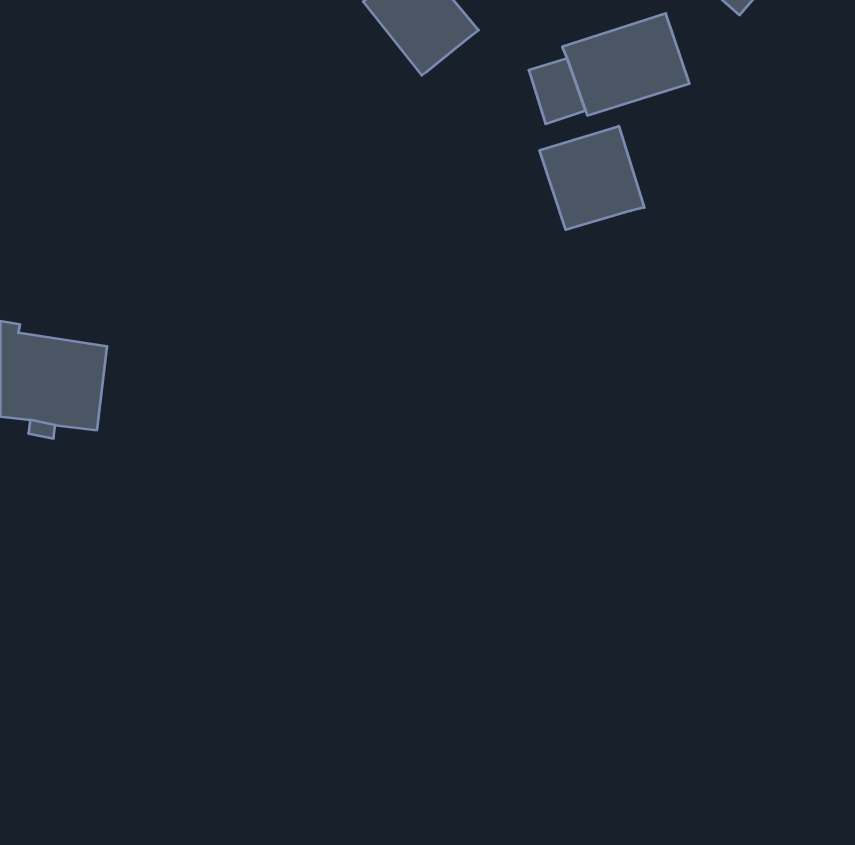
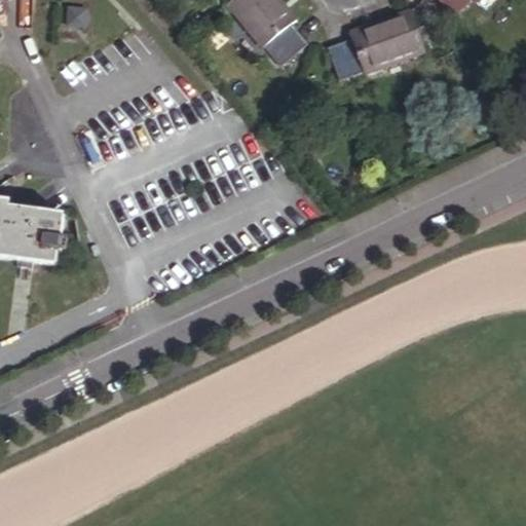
building: none -> [262,22,304,62]
building: [540,126,644,230] -> none

